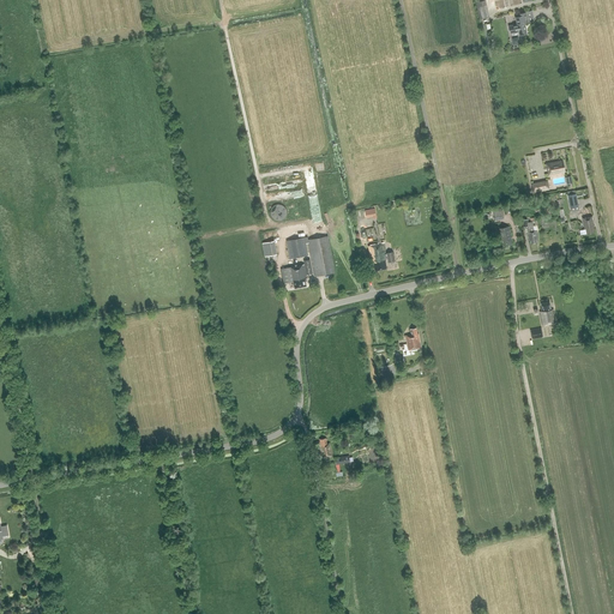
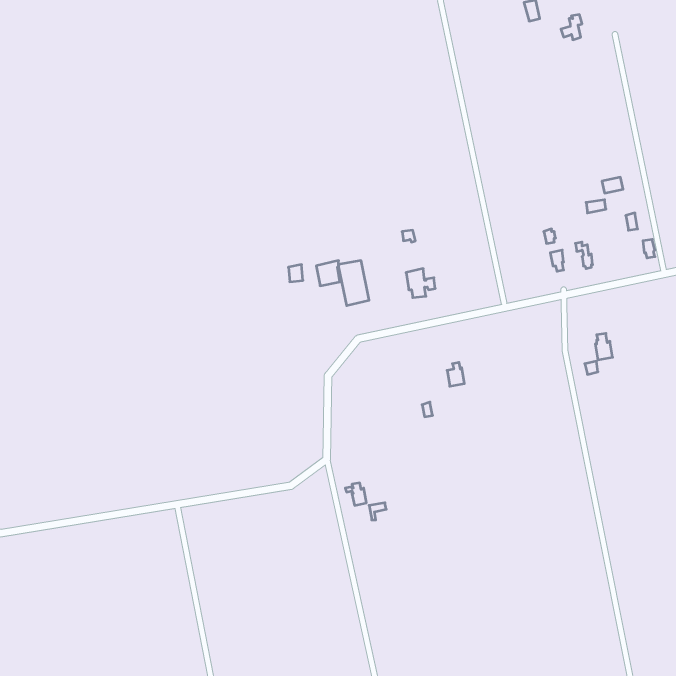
building: [281,259,312,288] -> none

